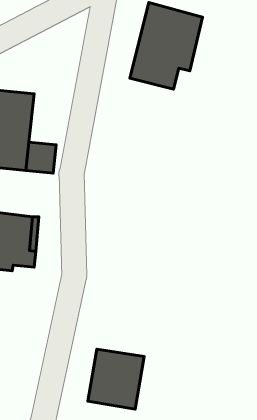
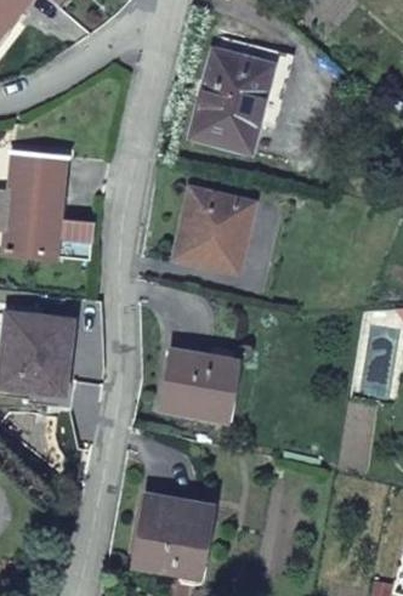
building: none -> [175,194,252,268]
building: none -> [161,352,235,420]

